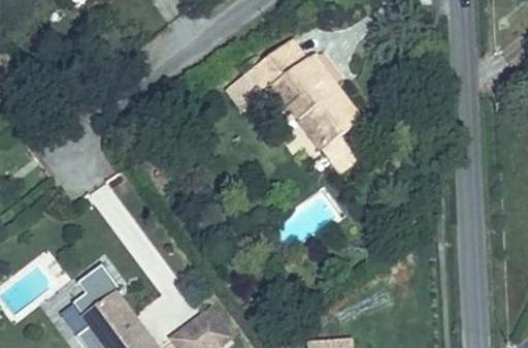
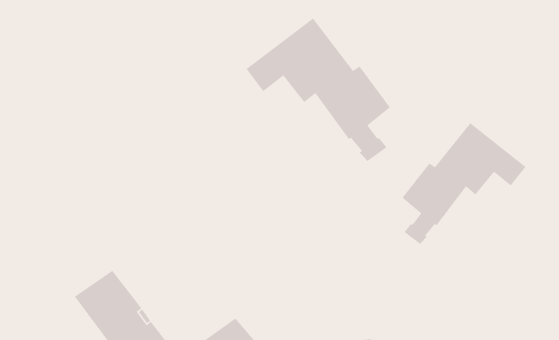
building: none -> [402,122,527,245]

